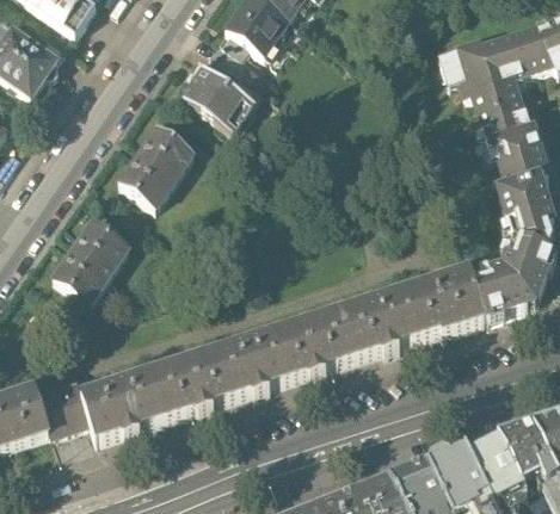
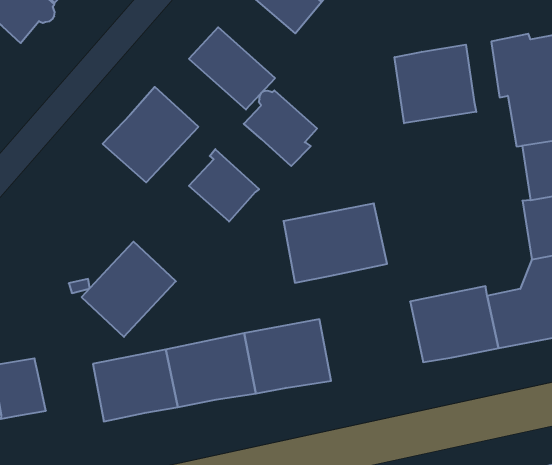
building: none -> [395,45,476,123]
building: none -> [244,90,317,166]
building: none -> [189,149,259,222]
building: [49,212,131,298] -> [82,242,176,337]
building: [325,284,421,363] -> [283,203,387,283]
building: [80,372,143,436] -> none

